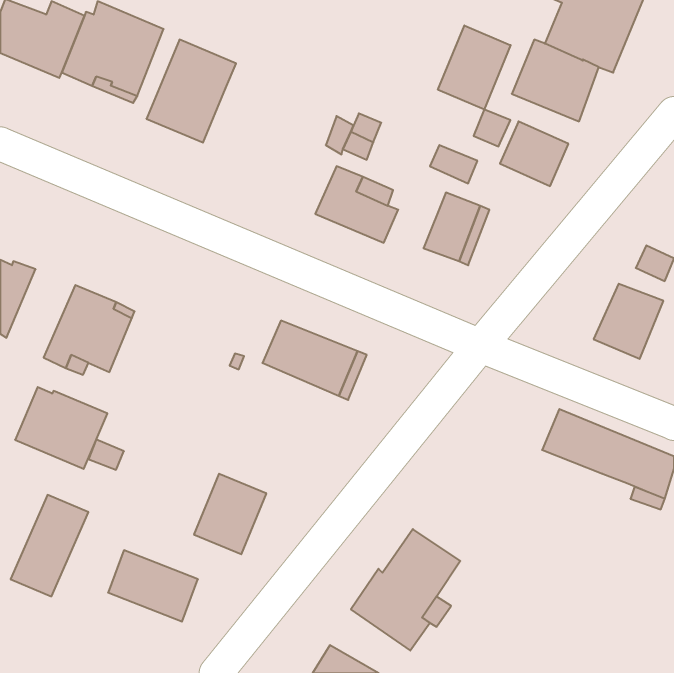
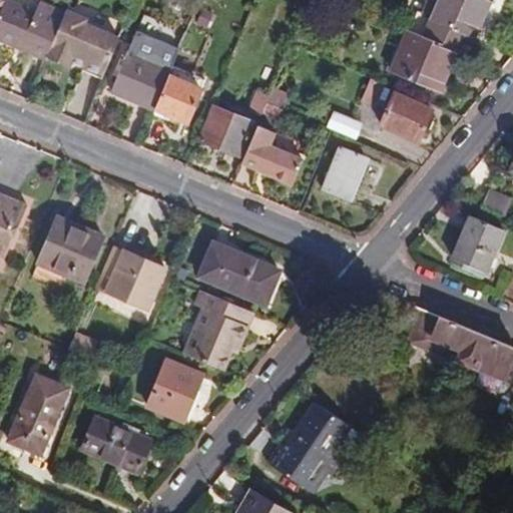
building: [438,25,511,110] -> none
building: none -> [152,67,204,122]
building: none -> [199,106,253,157]
building: none -> [183,291,253,370]
building: [15,387,107,469] -> [94,246,164,309]

